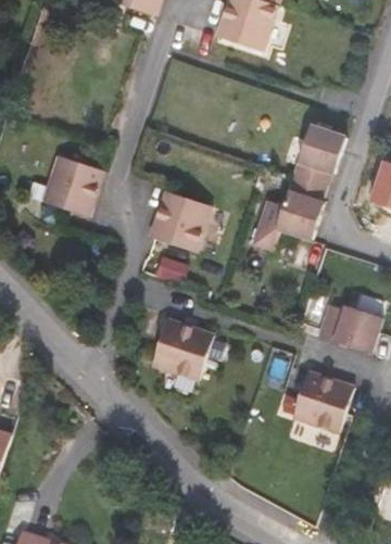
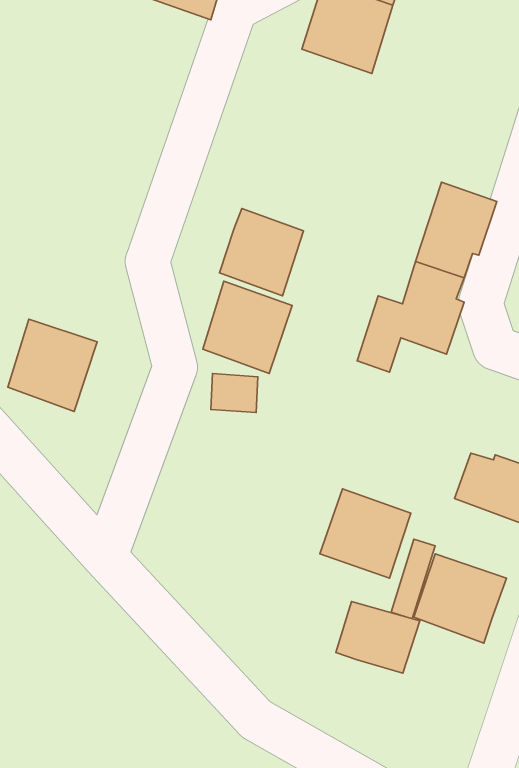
building: none -> [219,209,304,296]
building: [43,154,103,216] -> [8,319,97,412]
building: [153,319,214,379] -> [320,489,411,578]
building: none -> [336,601,420,673]

